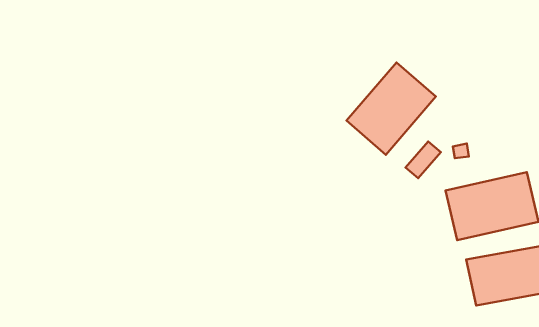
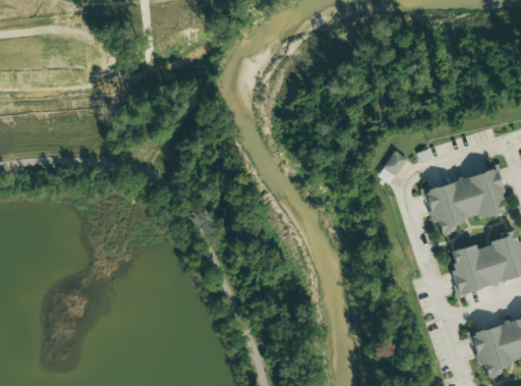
building: [347,62,436,155] -> none

